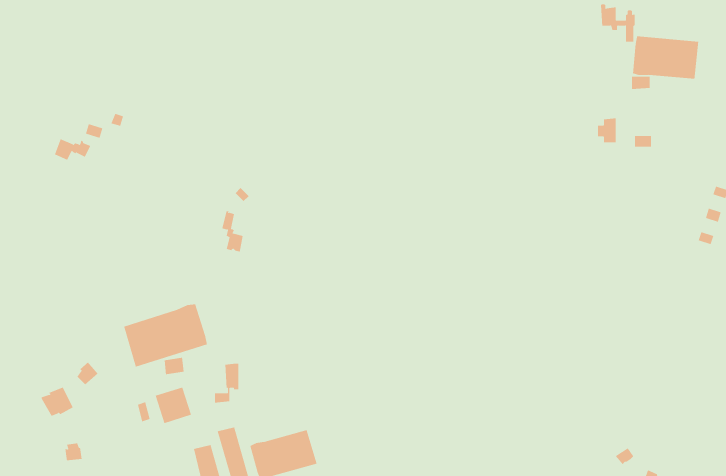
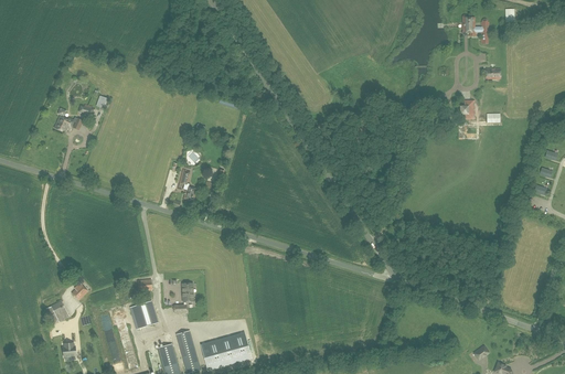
building: [633,35,699,80] -> none
building: [123,303,207,368] -> none

